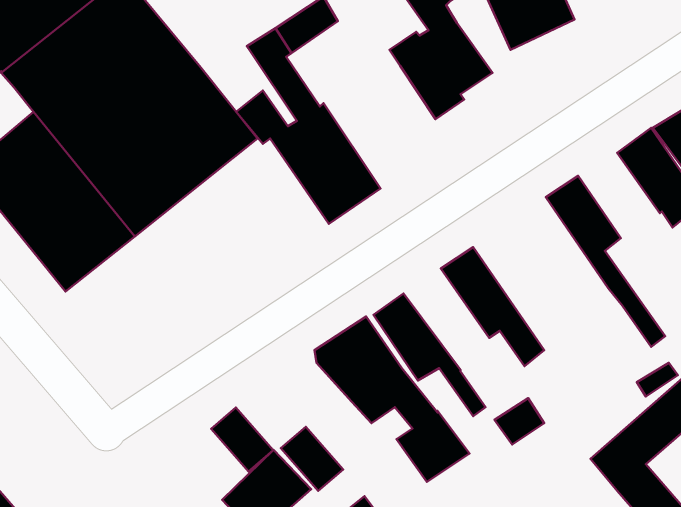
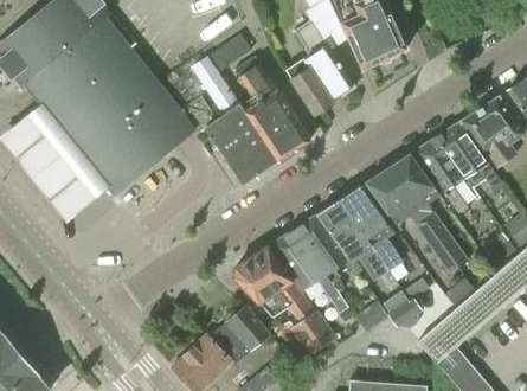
building: none -> [239,64,310,161]
building: none -> [414,137,468,213]
building: none -> [366,167,458,274]
building: none -> [340,186,401,269]
building: none -> [294,214,348,282]
building: none -> [387,288,425,327]
building: [211,408,273,472] -> [229,306,270,348]

